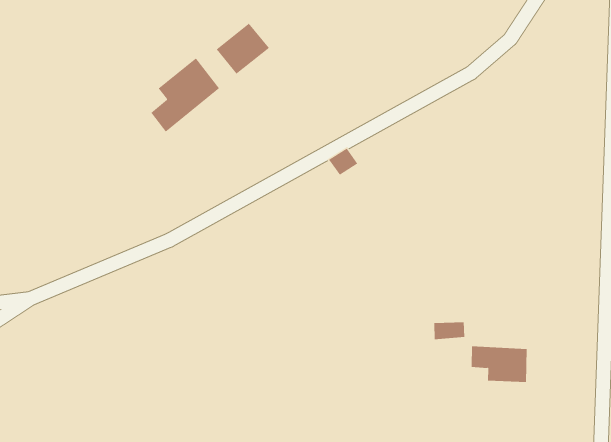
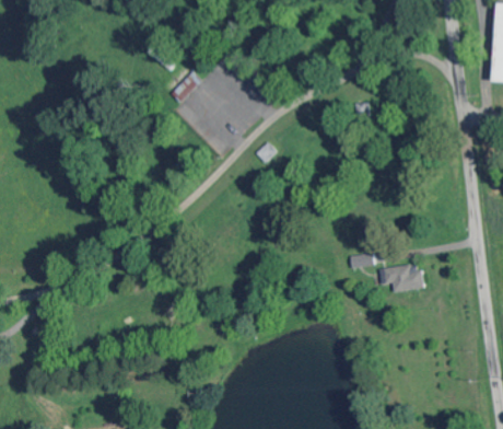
building: [151,57,220,133] -> none

